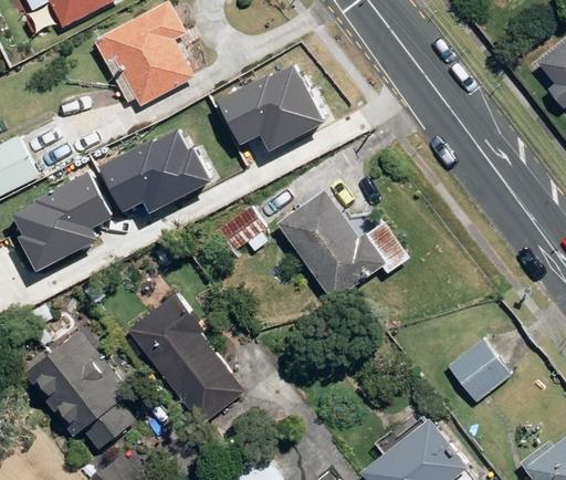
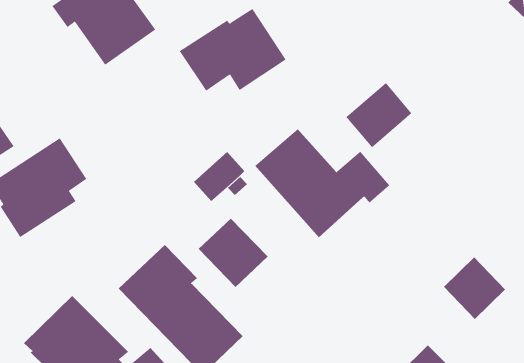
building: [98,132,209,211] -> none
building: none -> [346,82,412,148]
building: none -> [198,218,268,288]

